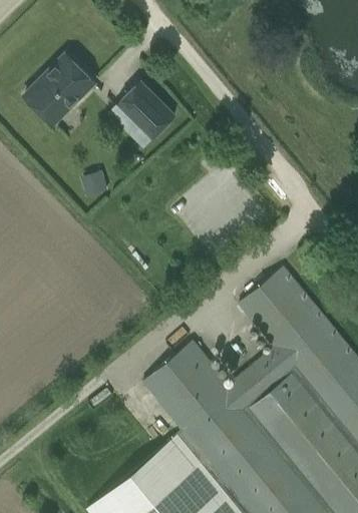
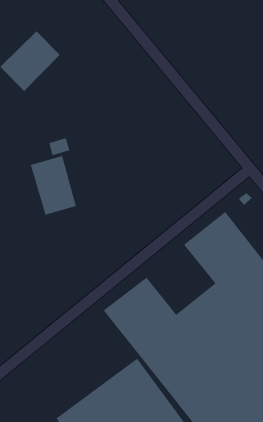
building: [115,82,175,141] -> none
building: none -> [30,155,76,215]

